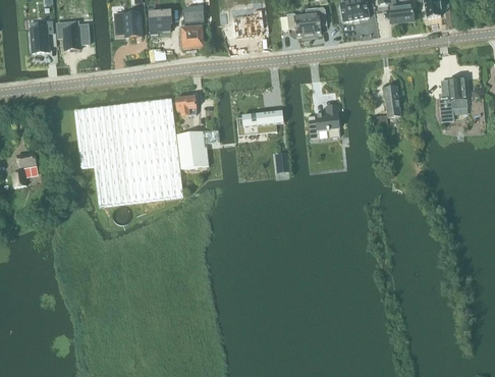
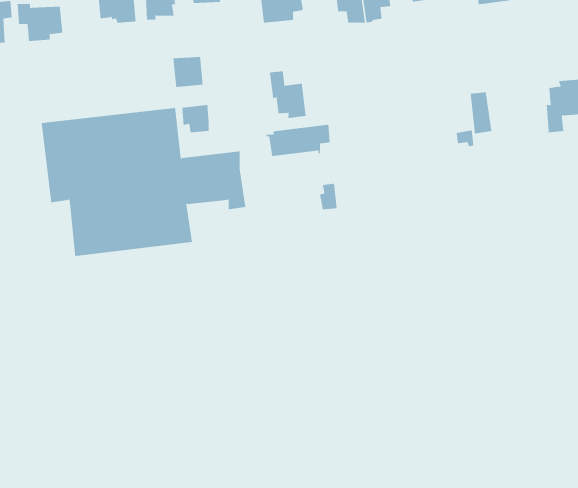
building: [180,25,203,48] -> [173,57,203,88]
building: none -> [269,65,306,119]
building: [307,105,339,140] -> none

